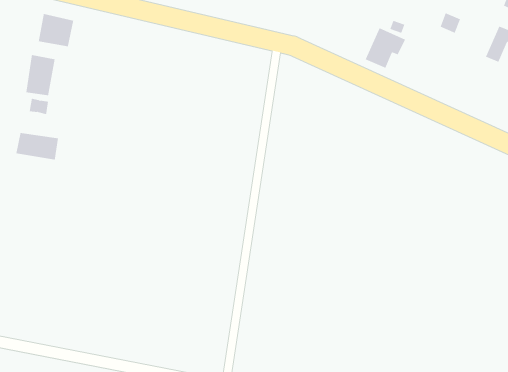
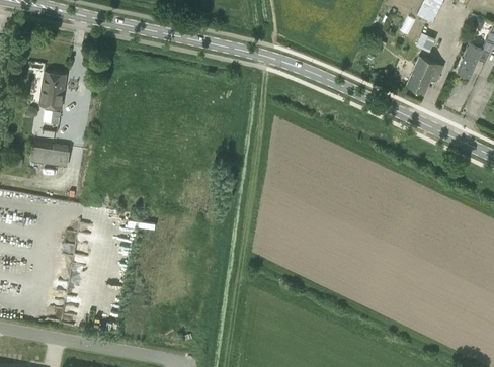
building: [38,13,74,47] -> none
building: [365,27,406,69] -> [405,58,442,95]

